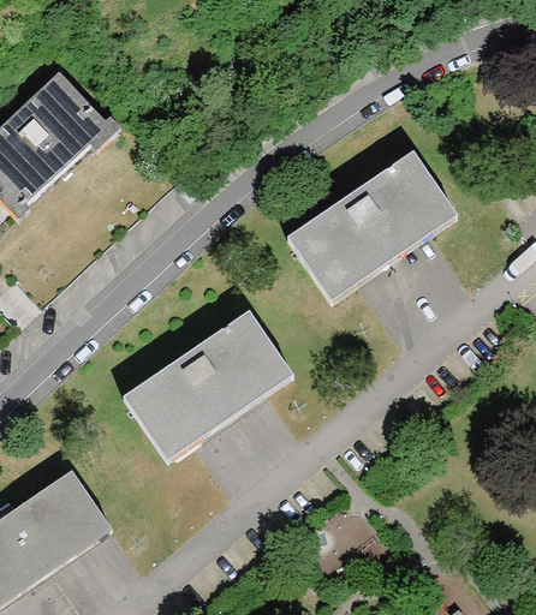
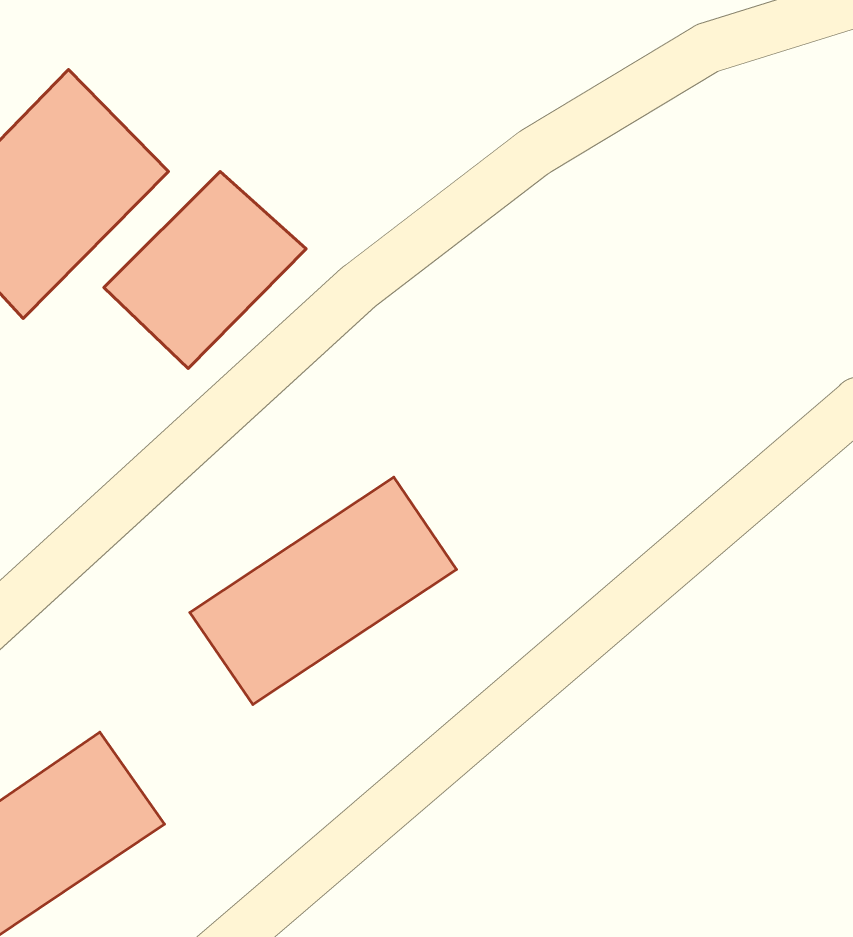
building: none -> [104,171,306,368]
building: [290,155,454,297] -> none

